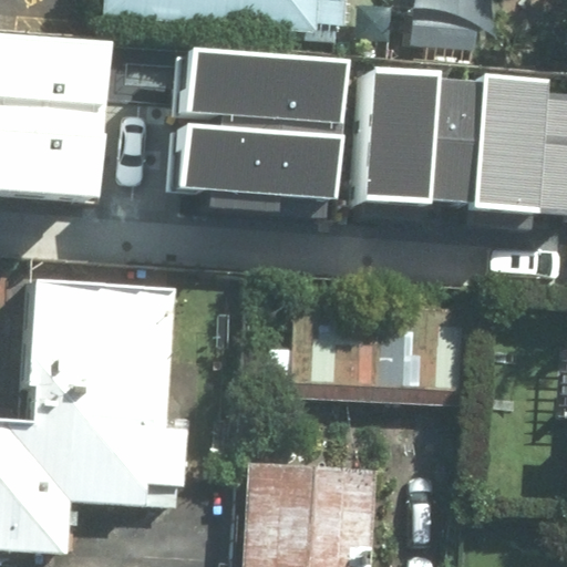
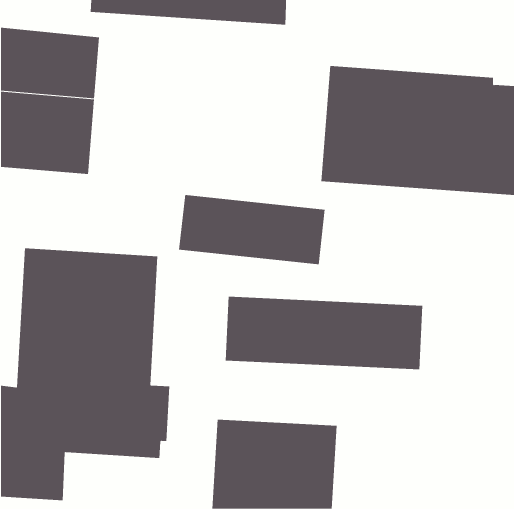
building: [174,48,334,125] -> none
building: [164,130,326,207] -> [178,194,325,265]

